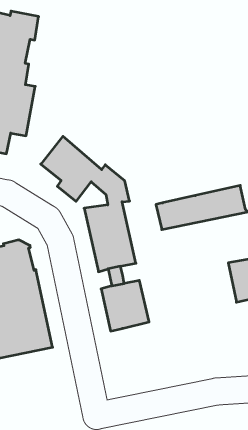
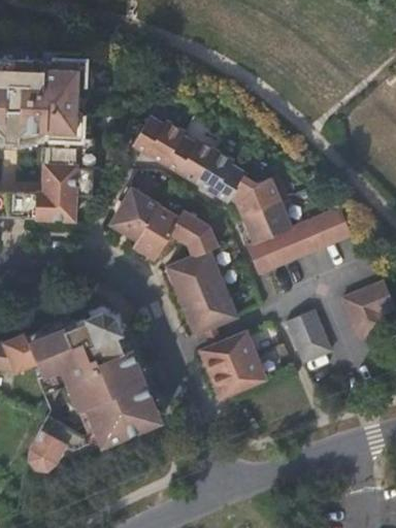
building: none -> [135,117,291,243]
building: none -> [285,310,327,362]

